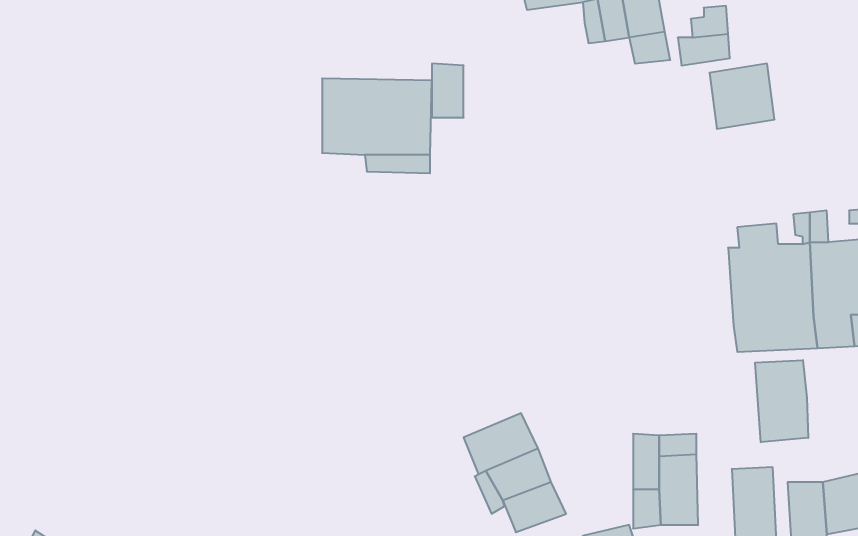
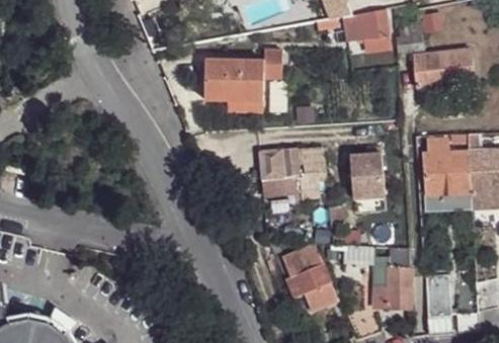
building: none -> [445,49,475,83]
building: none -> [260,145,330,197]
building: none -> [351,152,386,200]
building: [755,360,808,442] -> none

